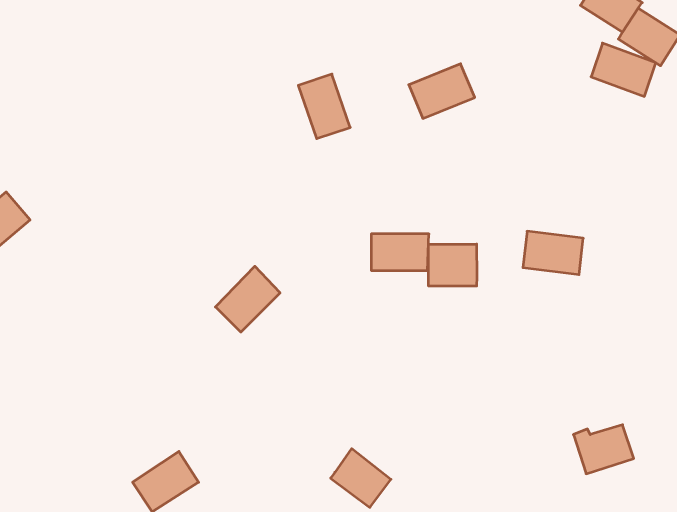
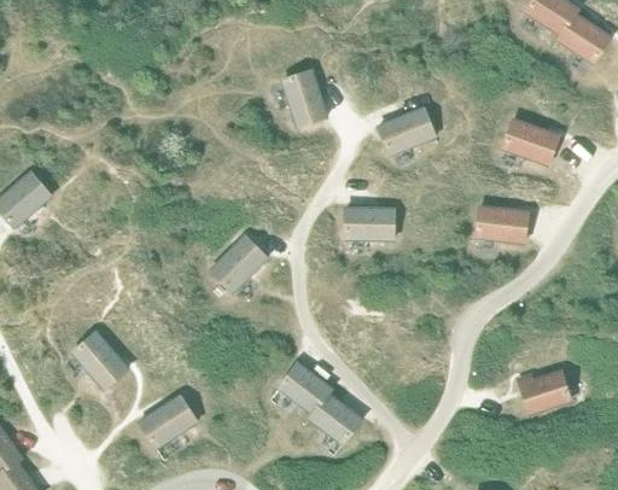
building: [591,43,656,96] -> [503,118,559,164]
building: [409,64,475,118] -> [379,107,436,154]
building: [428,244,477,286] -> none
building: none -> [74,331,128,389]
building: none -> [279,362,332,413]

